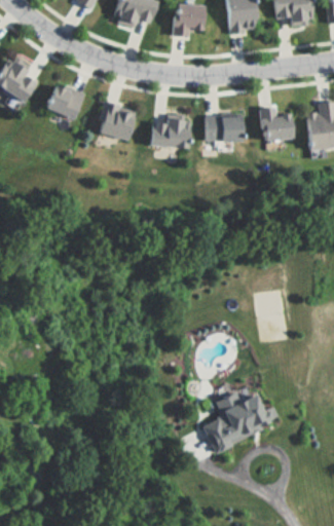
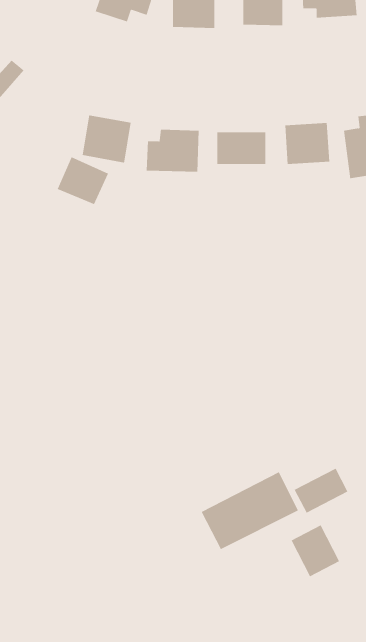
building: [46,82,87,120] -> [57,156,109,205]
building: none -> [294,468,348,514]
building: none -> [291,525,340,577]

